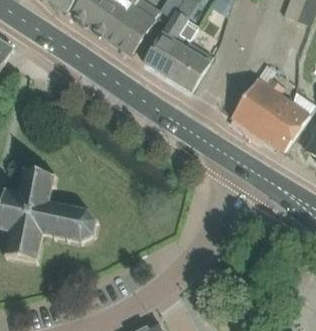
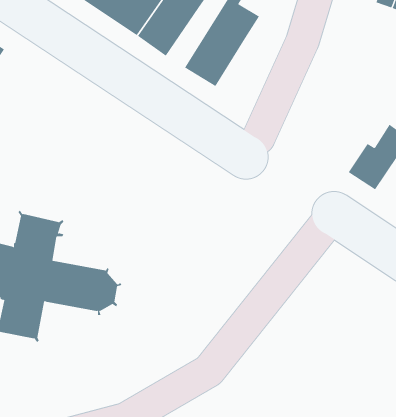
building: [167,41,213,92] -> none
building: [231,78,294,139] -> none

